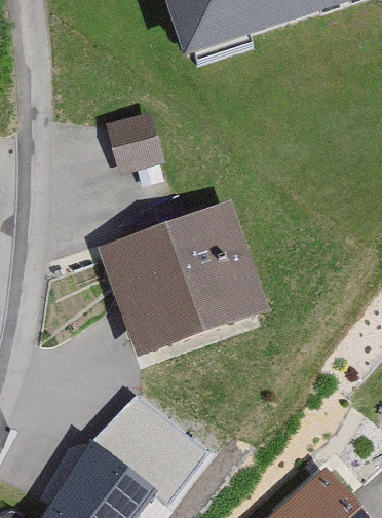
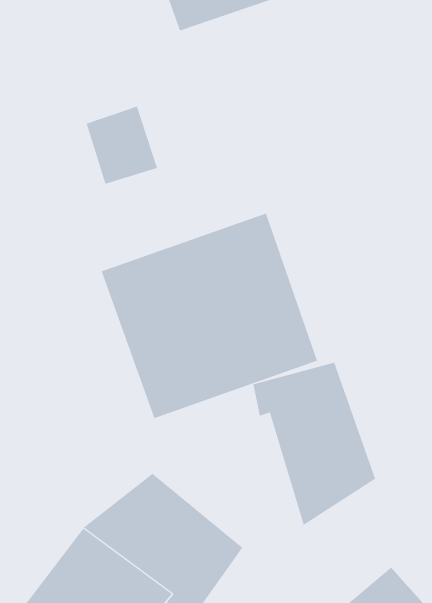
building: none -> [253,362,376,526]

